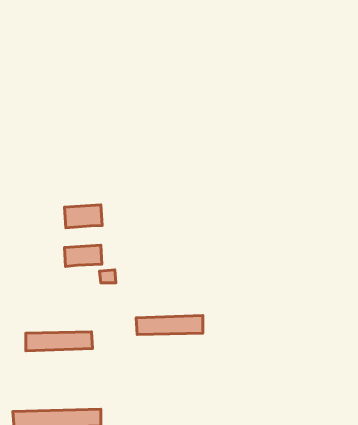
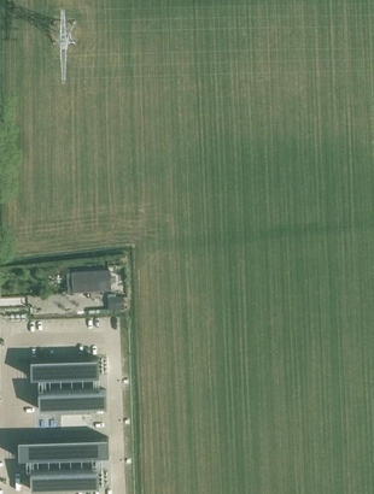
building: [64,205,102,228] -> none
building: [136,316,203,334] -> [37,393,106,412]

